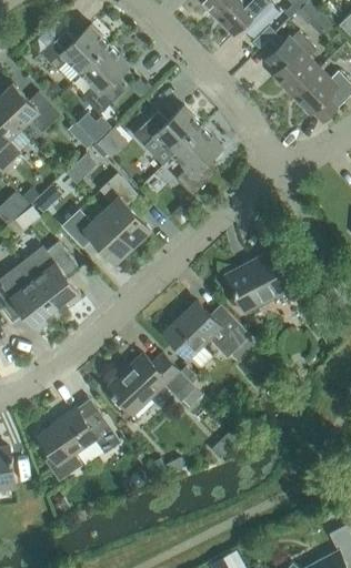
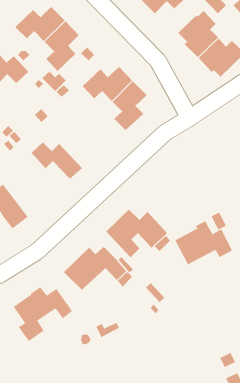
building: [99,173,150,246] -> none
building: [23,242,79,313] -> none
building: [227,252,307,313] -> [175,221,233,265]

